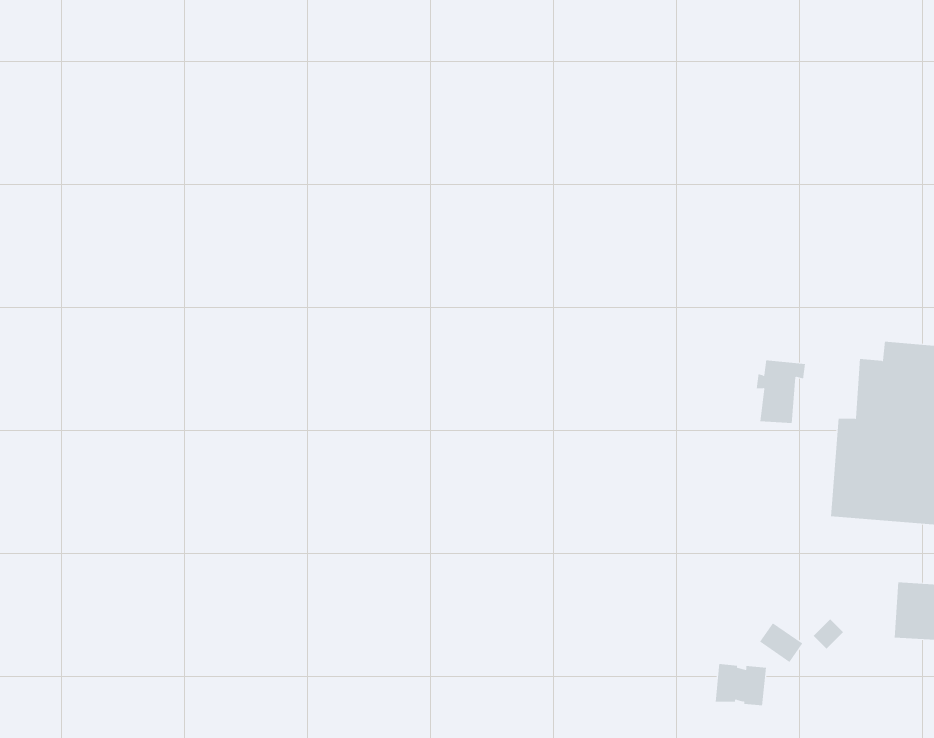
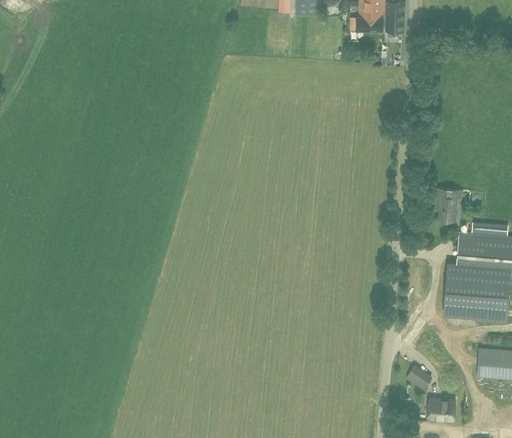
building: [756,360,806,423] -> [436,189,462,222]
building: [715,664,767,706] -> [428,399,455,421]

